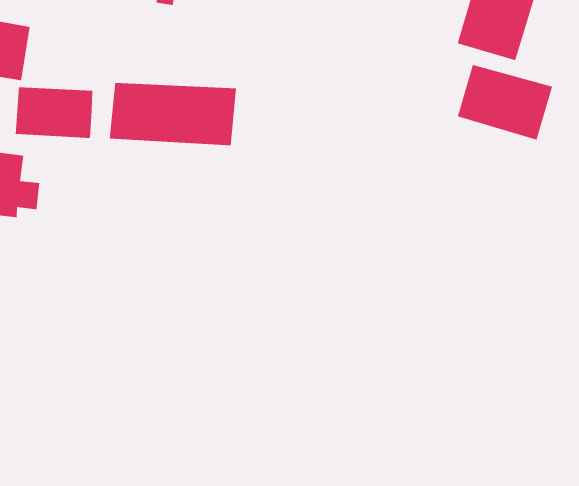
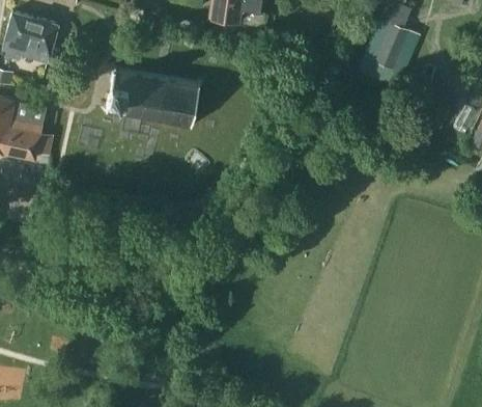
building: [457,64,553,140] -> none
building: [15,86,93,139] -> none

